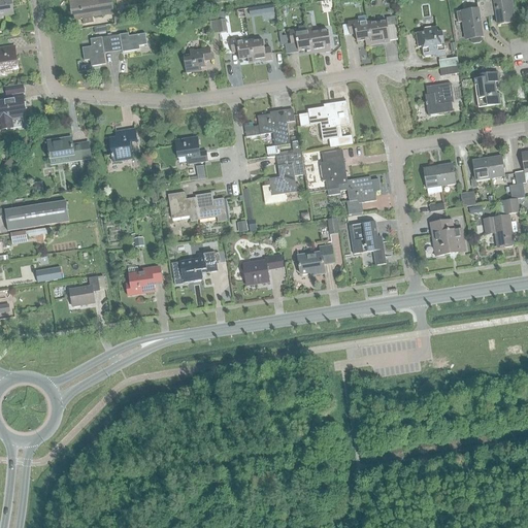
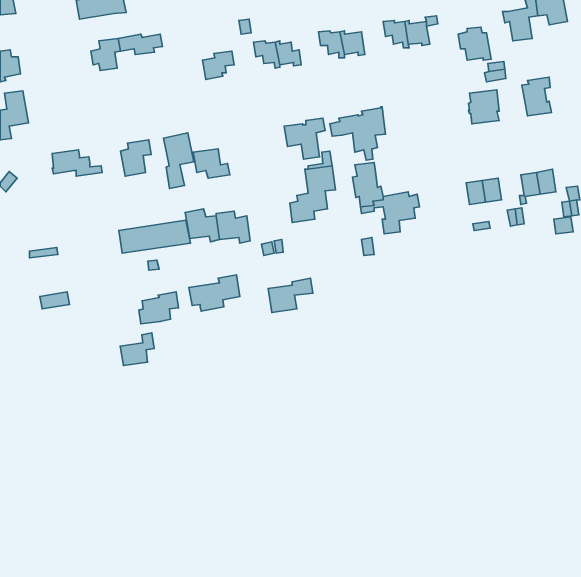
building: none -> [164,133,194,189]
building: [4,199,69,229] -> [119,220,190,253]
building: [483,213,514,244] -> none
building: [430,218,464,254] -> none
building: [349,220,386,263] -> none
building: [298,243,334,272] -> none
building: [69,275,100,305] -> [120,333,154,366]

